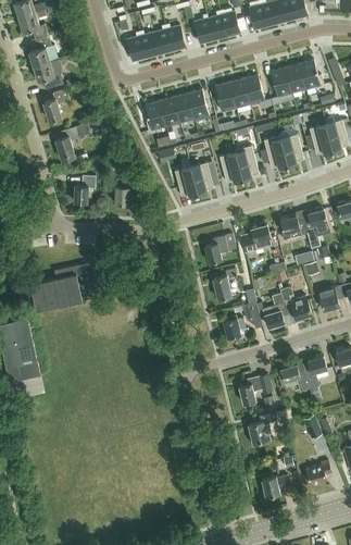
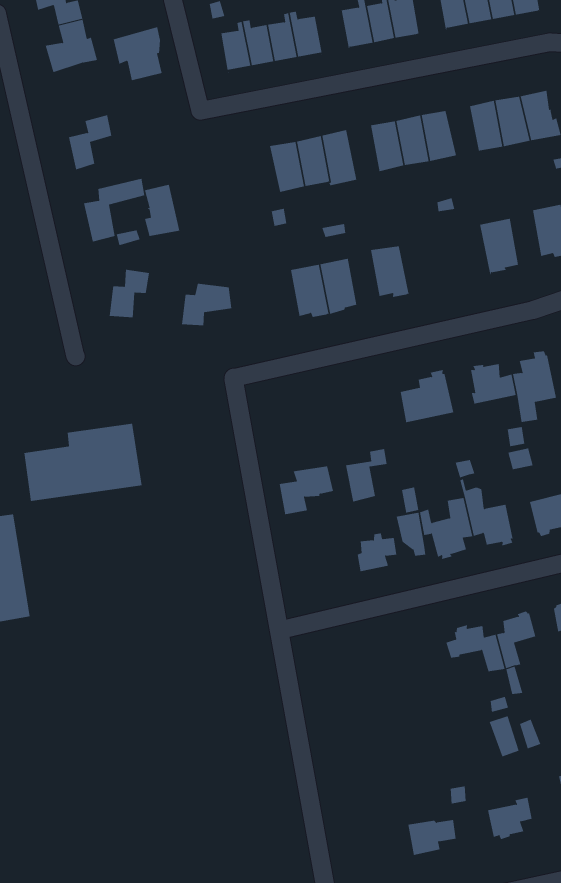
building: [34,59,63,90] -> [113,27,163,81]
building: [145,101,166,132] -> [144,184,180,237]
building: [264,136,288,169] -> none
building: [235,146,259,181] -> none
building: [205,235,237,264] -> [279,466,334,515]
building: [239,375,272,405] -> none
building: [248,411,286,444] -> none

